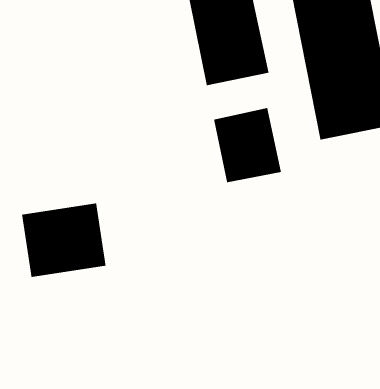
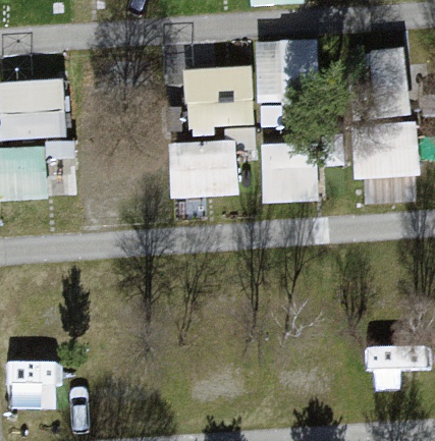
building: none -> [184,66,253,130]
building: [21,202,106,278] -> [171,142,237,198]

